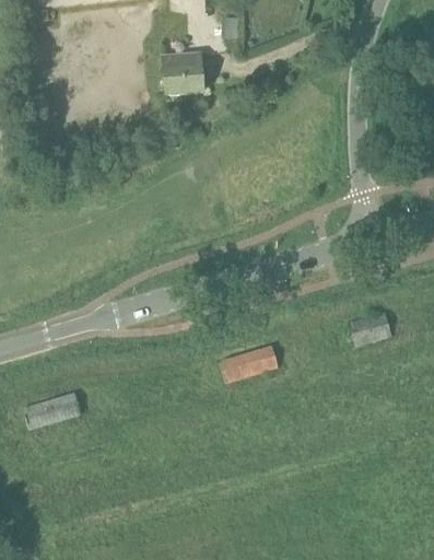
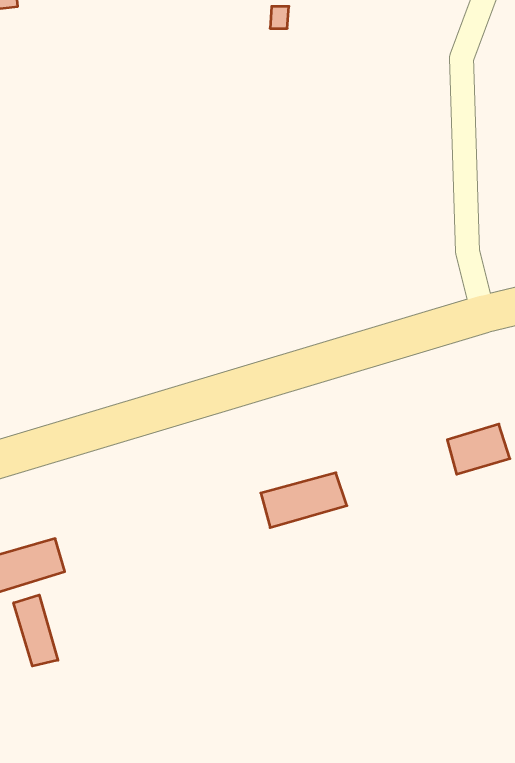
building: [163,54,203,94] -> none
building: none -> [14,595,58,666]

